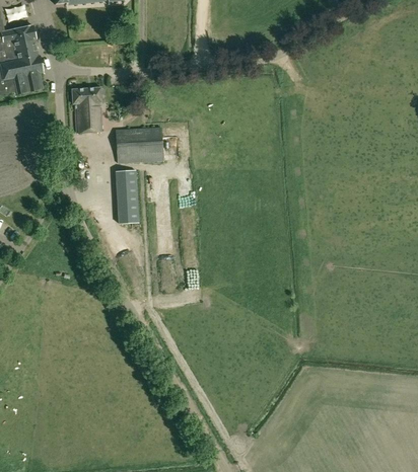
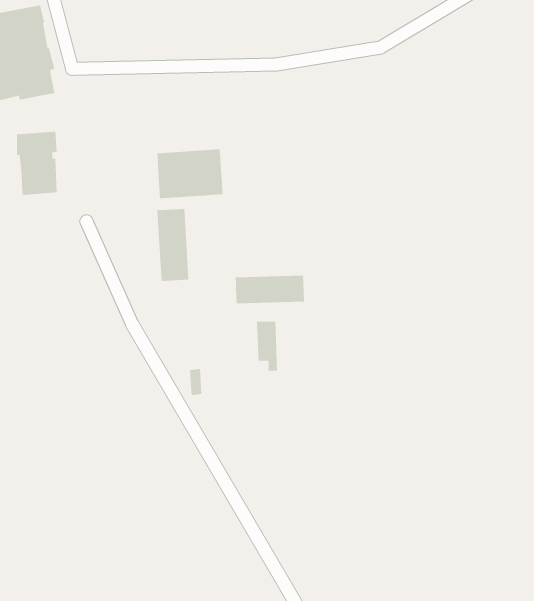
building: [72,87,101,133] -> [16,131,57,195]
building: none -> [235,275,304,304]

